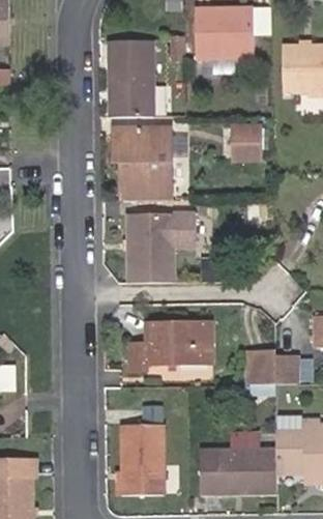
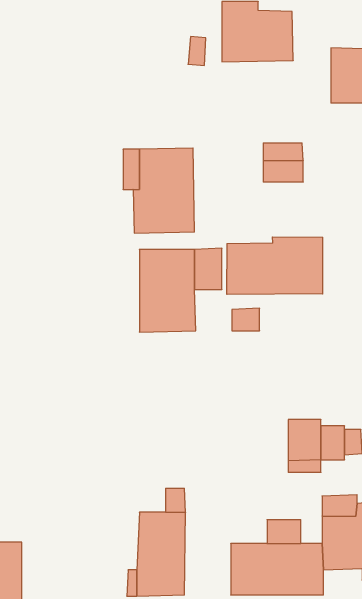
building: [109,38,155,116] -> none
building: none -> [227,237,323,294]
building: [133,327,215,376] -> none

